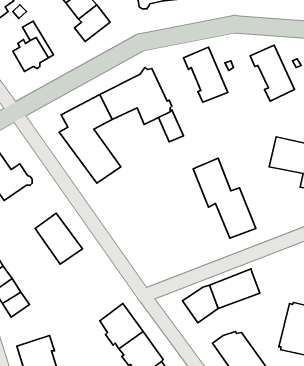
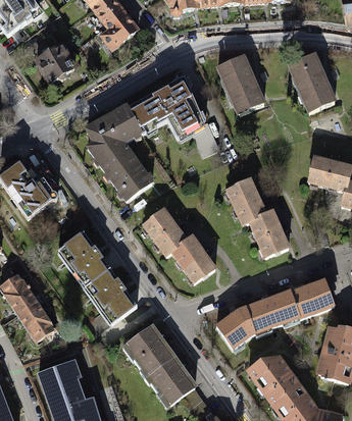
building: none -> [142,204,220,283]
building: none -> [86,269,136,323]
building: none -> [289,281,329,318]

